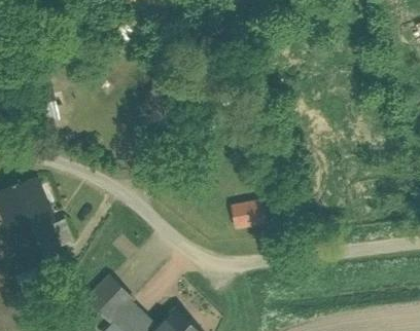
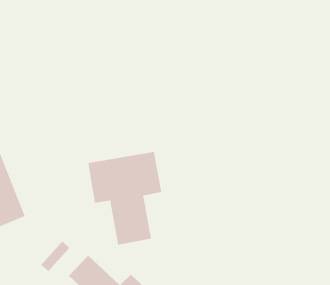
building: none -> [88,151,162,245]
building: [227,198,261,227] -> none

